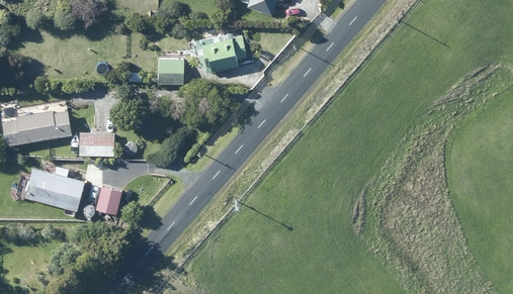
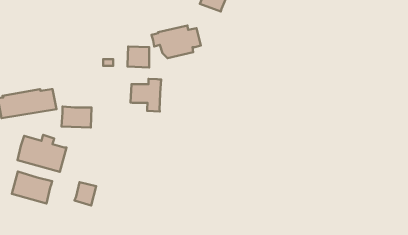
building: none -> [131,79,161,111]
building: [95,187,121,215] -> [74,182,96,206]
building: none -> [12,172,52,203]

